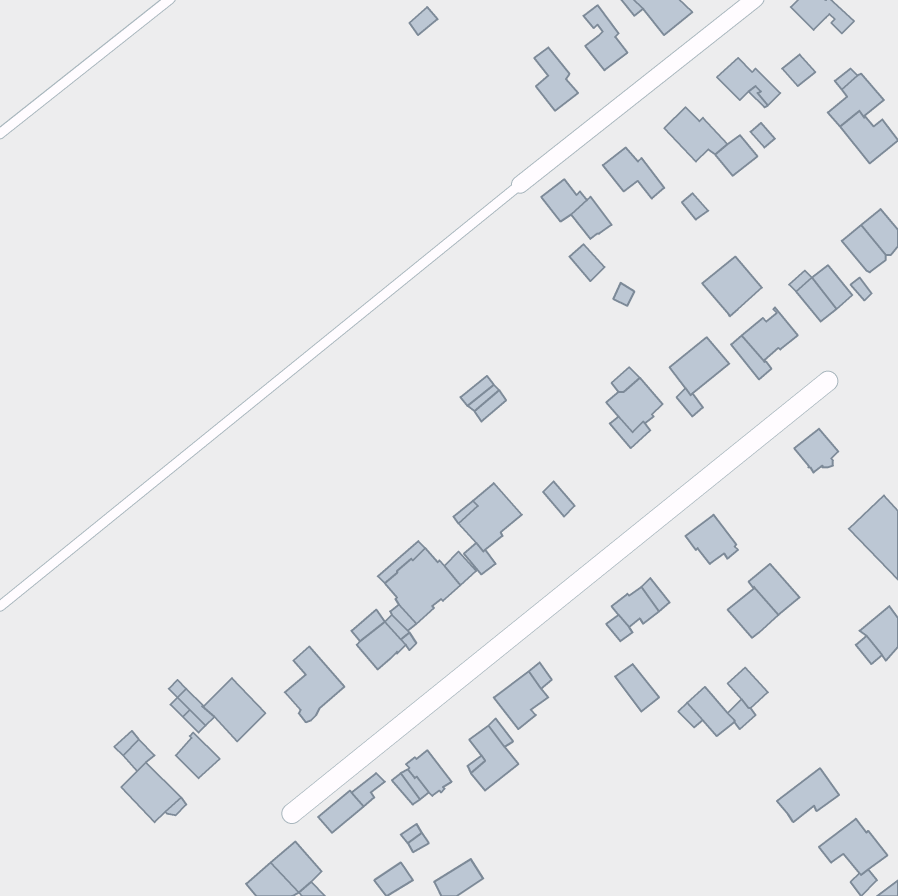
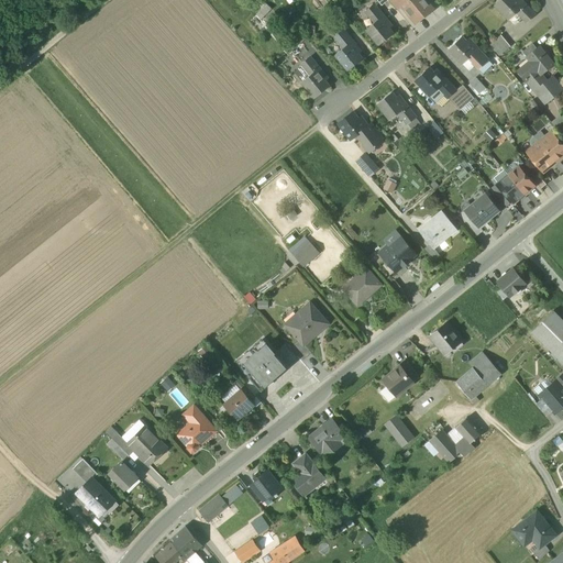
building: none -> [301,57,328,97]
building: [702,257,762,316] -> none
building: none -> [343,268,380,303]
building: [777,768,839,822] -> none

